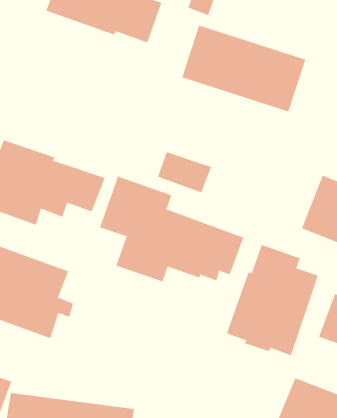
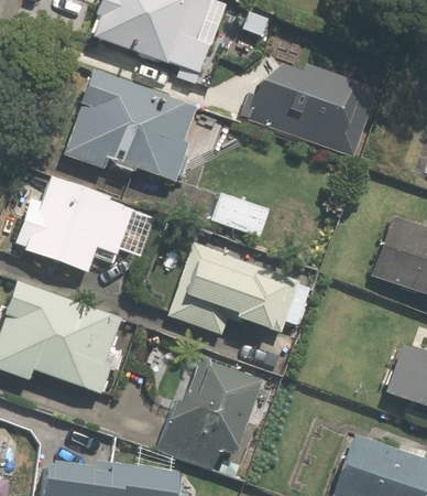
building: none -> [64,72,193,182]
building: [226,244,319,356] -> none
building: none -> [158,351,260,466]

